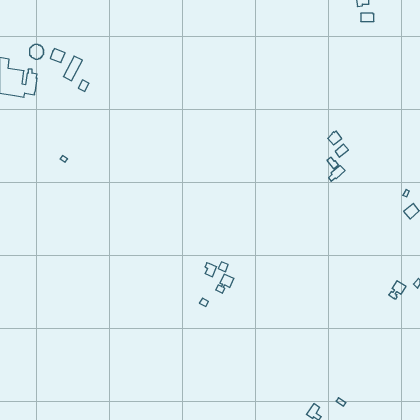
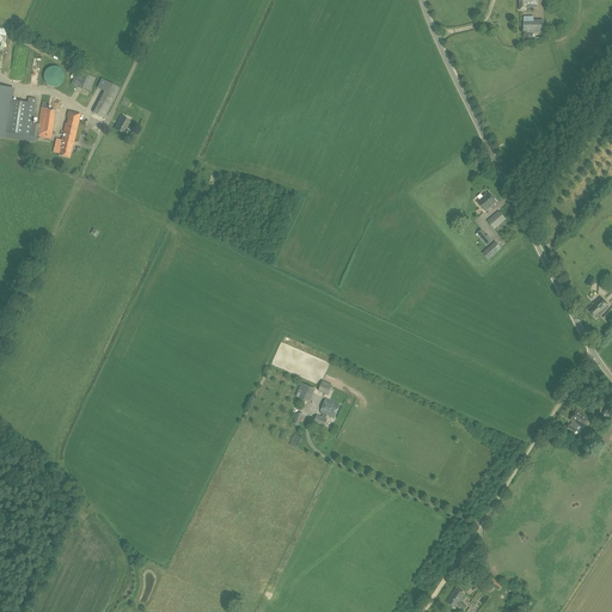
building: none -> [54,110,79,157]

